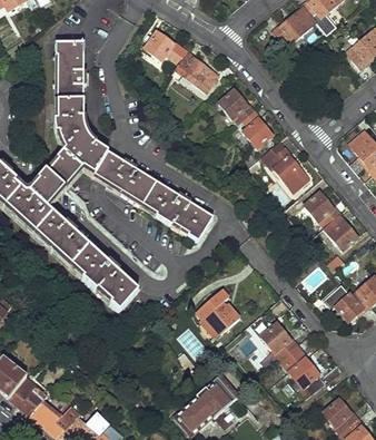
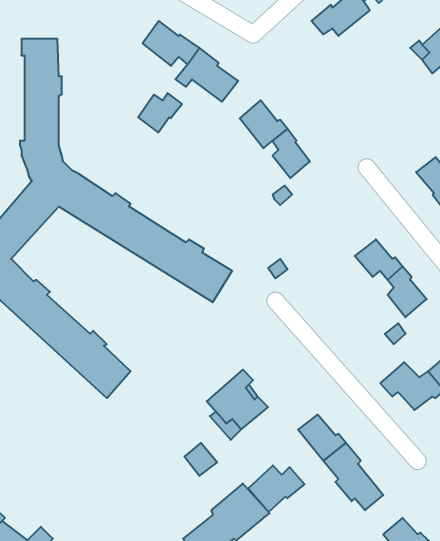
building: none -> [138,93,182,133]
building: [274,147,306,189] -> none
building: none -> [248,465,304,512]

